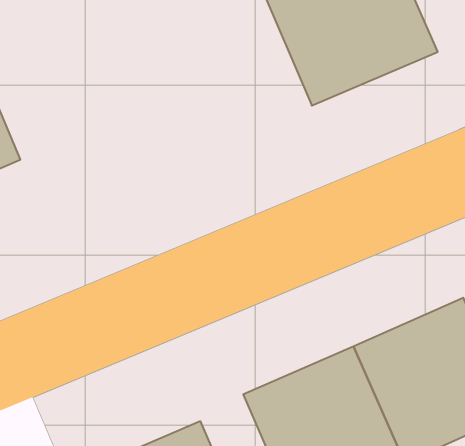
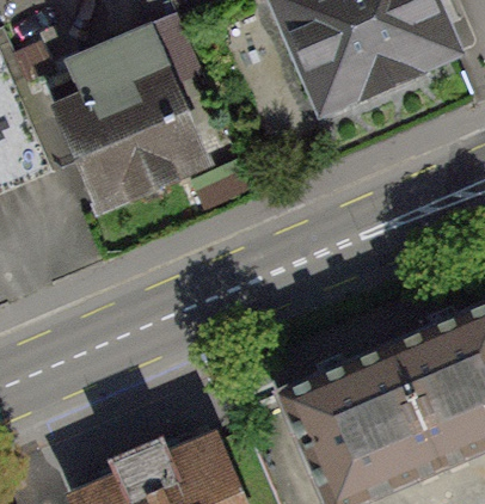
building: none -> [51,42,208,210]

